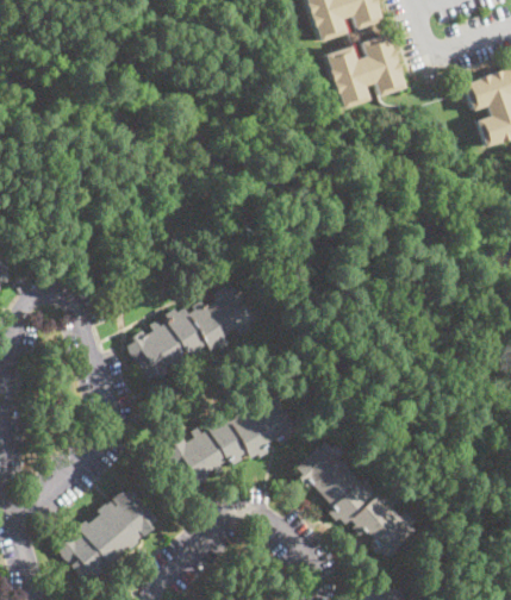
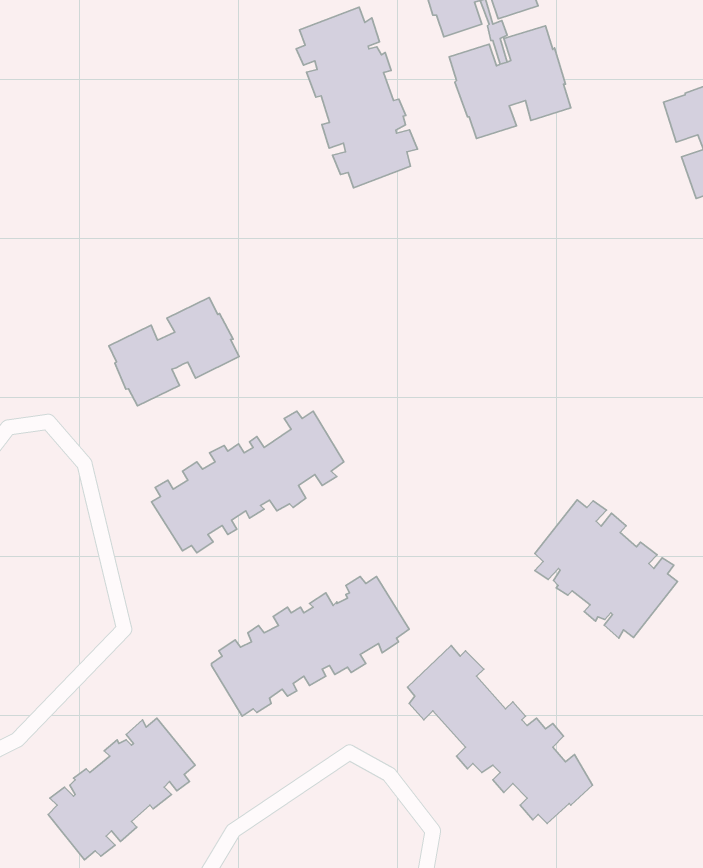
building: none -> [296,7,417,188]
building: none -> [109,298,239,406]
building: none -> [535,500,678,638]

